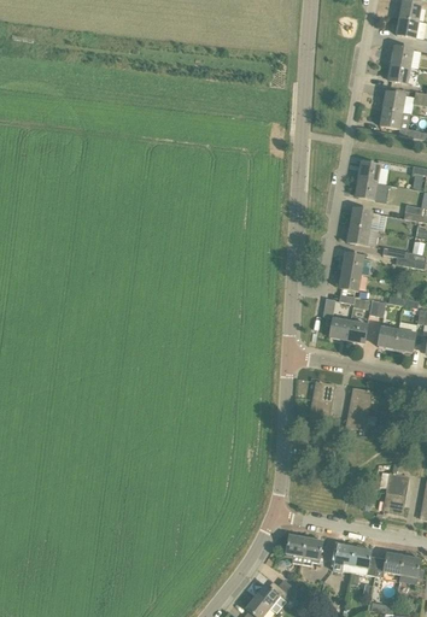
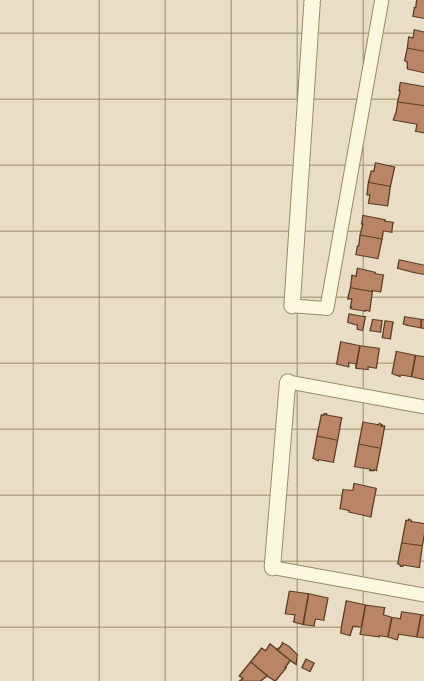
building: none -> [340,483,376,517]

